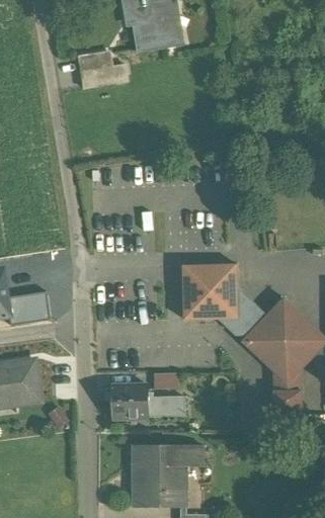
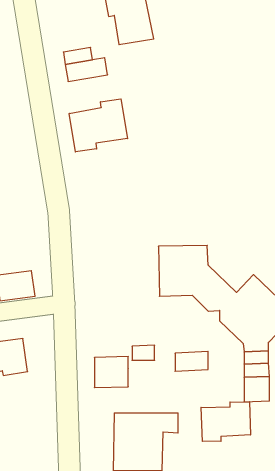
building: none -> [69,99,128,152]
building: [149,395,184,416] -> [175,351,208,371]
building: none -> [201,402,250,441]

